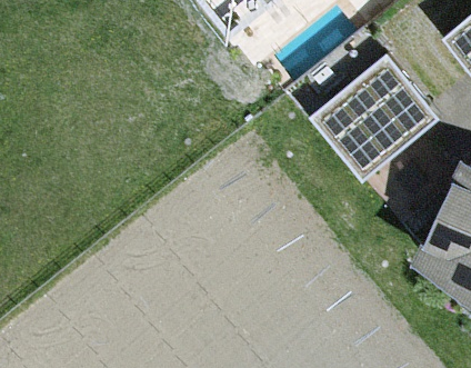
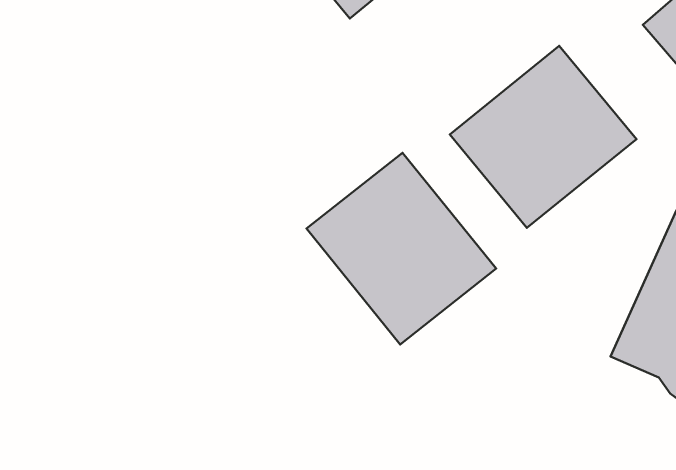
building: none -> [306,153,496,344]

